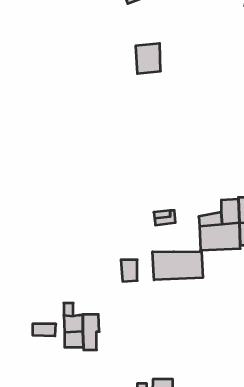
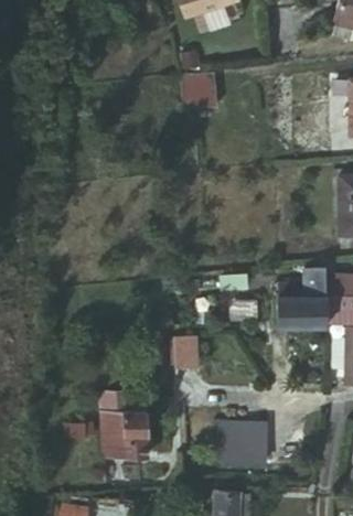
building: [153,251,203,280] -> none
building: none -> [223,426,268,467]

